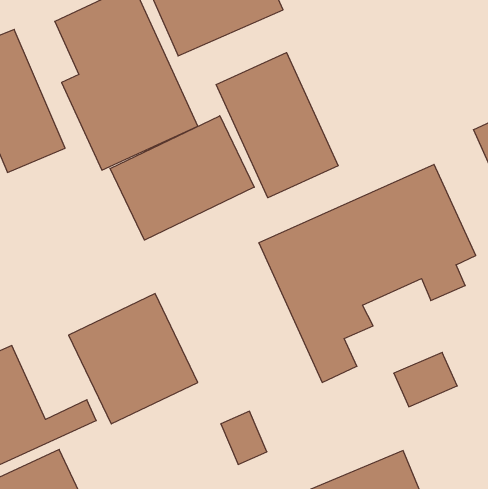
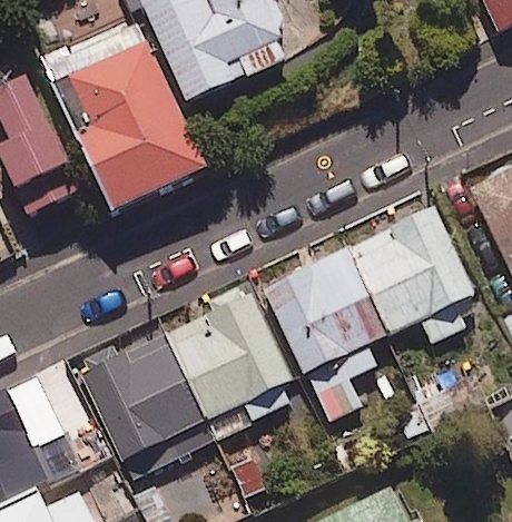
building: [216,53,338,198] -> none
building: [110,116,254,240] -> none
building: none -> [165,293,293,420]

